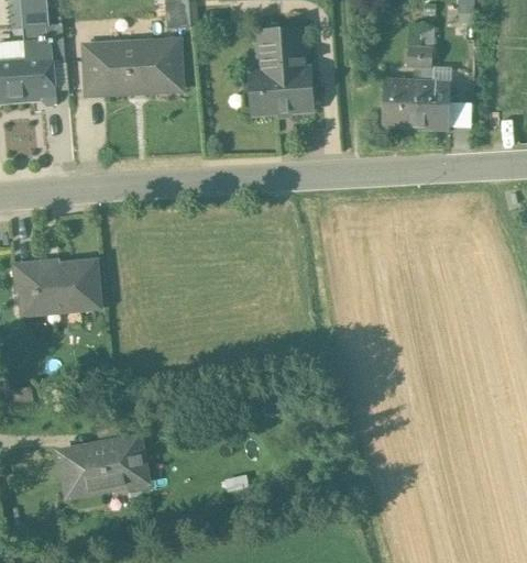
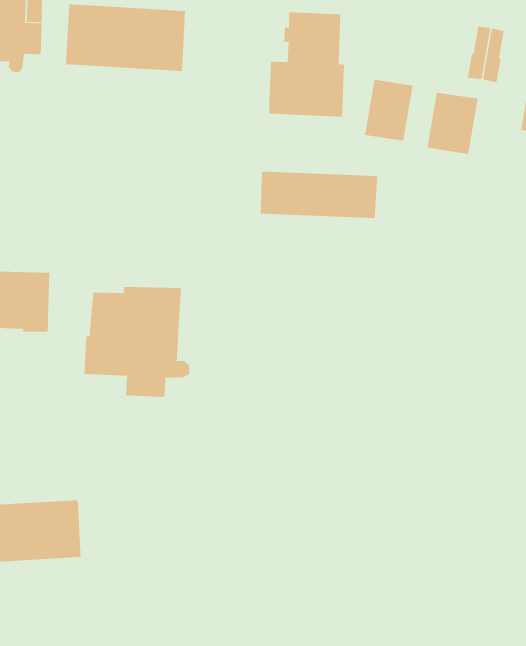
building: [415,82,449,129] -> [364,79,413,141]
building: none -> [260,171,378,219]
building: none -> [84,286,190,398]

